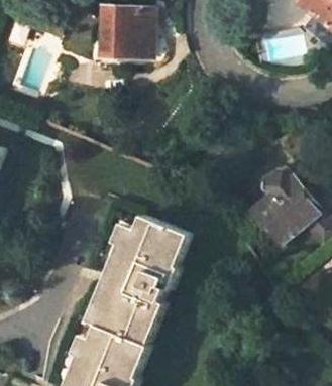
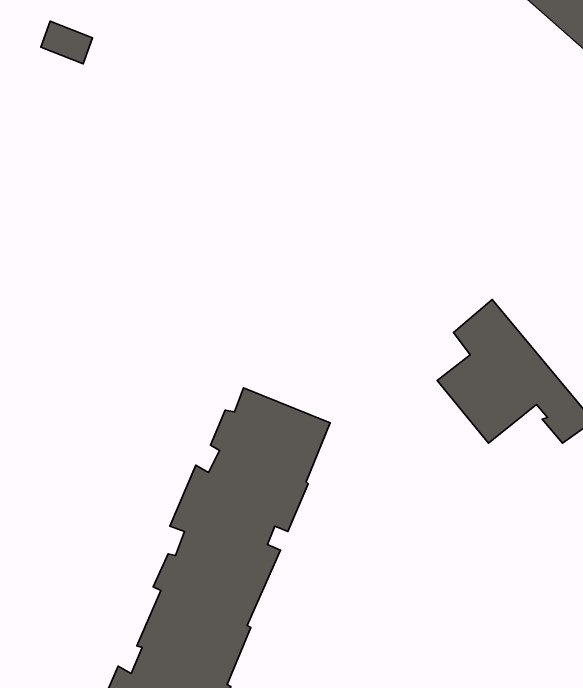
building: [100,8,151,56] -> none

